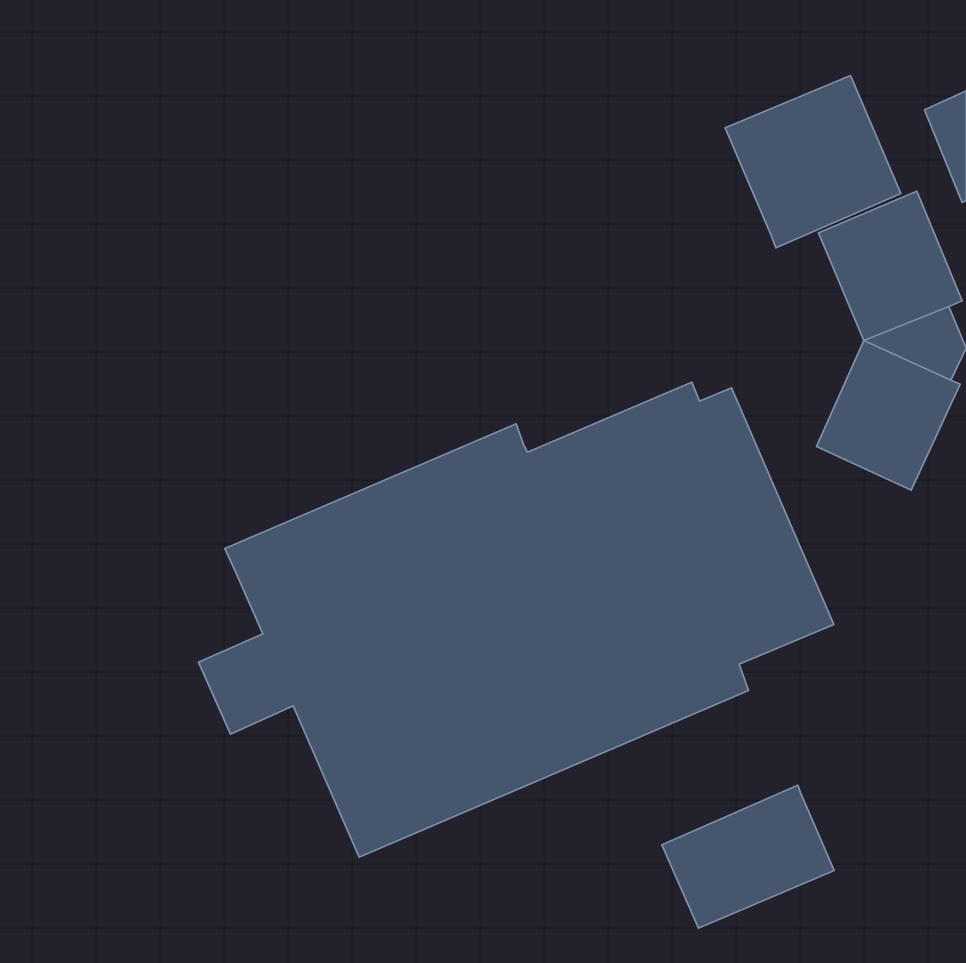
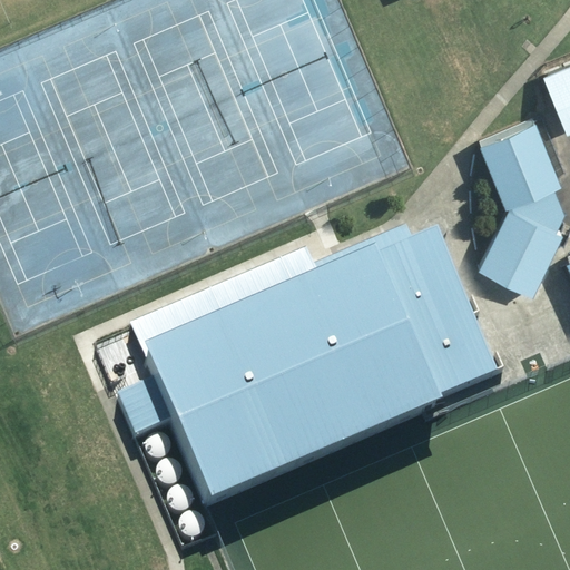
building: [725,76,901,248] -> none
building: [662,785,834,928] -> none

